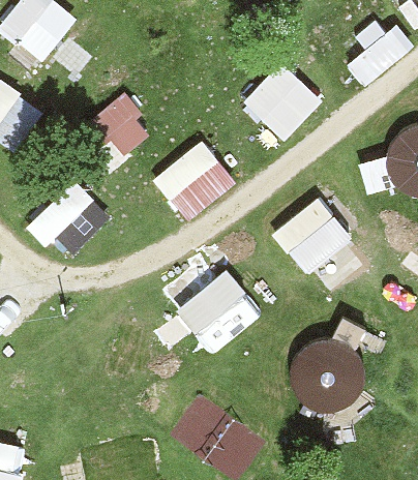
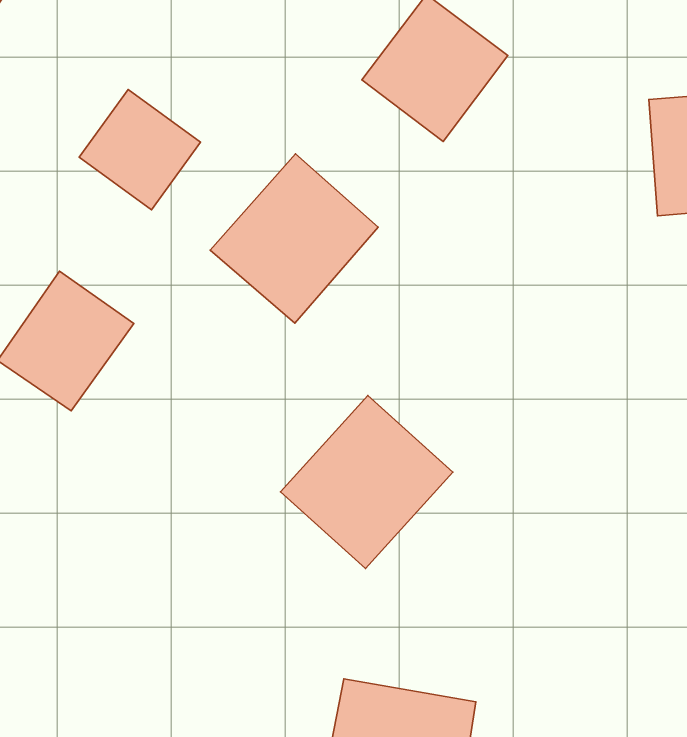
building: [272,194,355,277] -> none
building: [285,334,368,417] -> none

